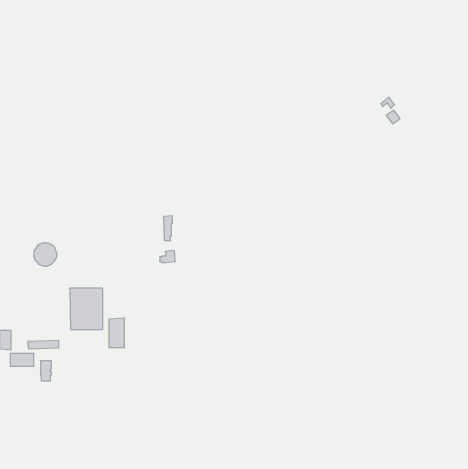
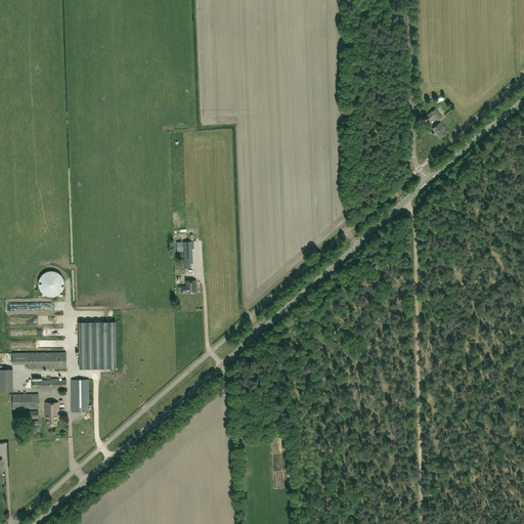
building: none -> [27,352,66,370]
building: [109,318,125,347] -> [71,379,88,411]

